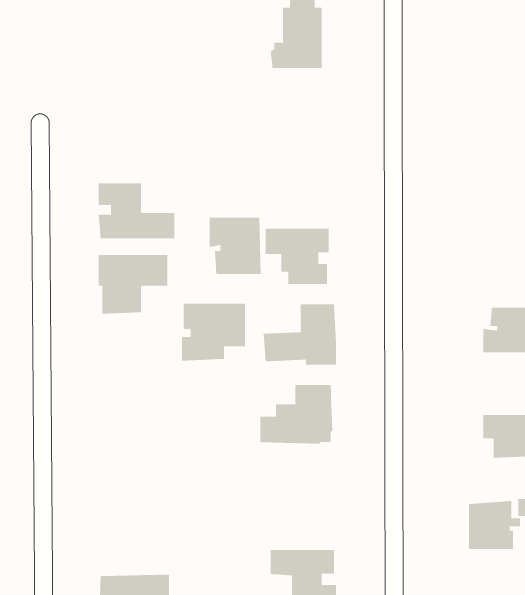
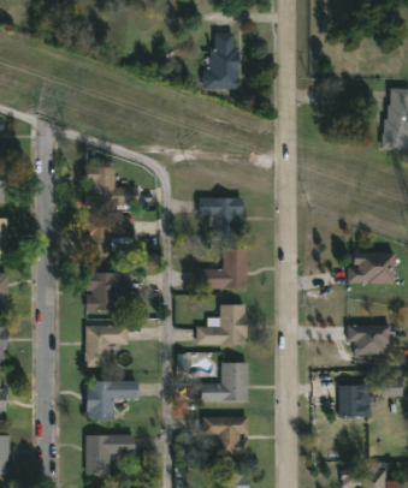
building: [209,217,261,275] -> none
building: [181,303,246,361] -> [85,272,130,311]
building: none -> [83,325,128,367]
building: none -> [201,362,247,400]
building: none -> [85,380,137,419]

